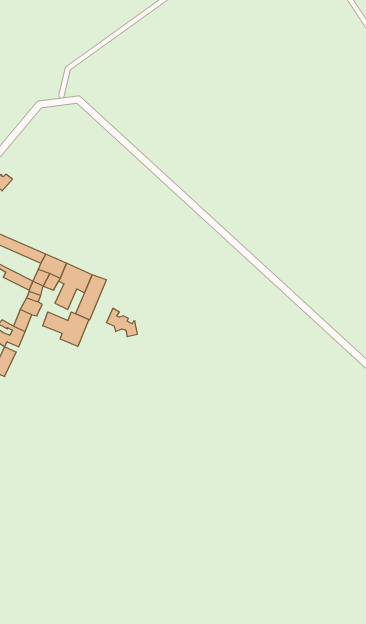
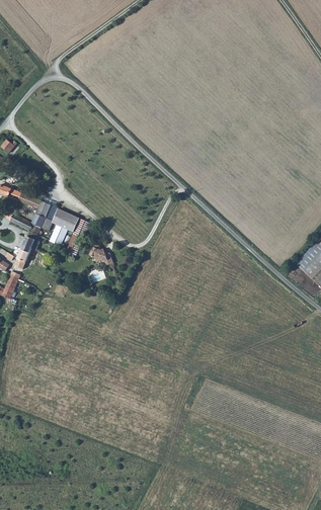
building: [43,312,89,347] -> none

